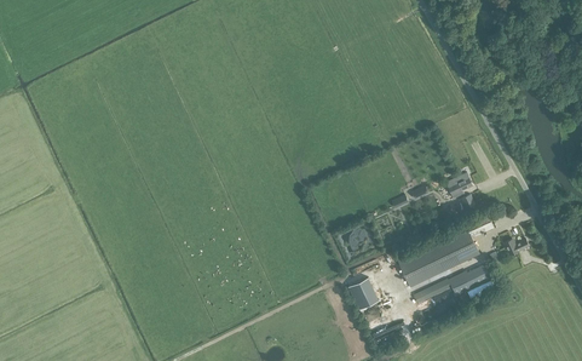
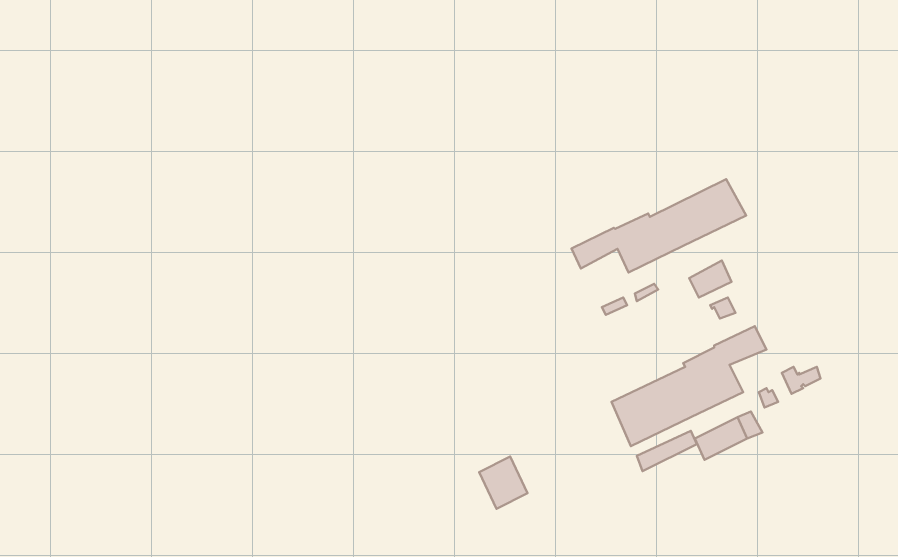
building: none -> [571,179,746,272]
building: [347,277,378,310] -> [479,457,527,509]

